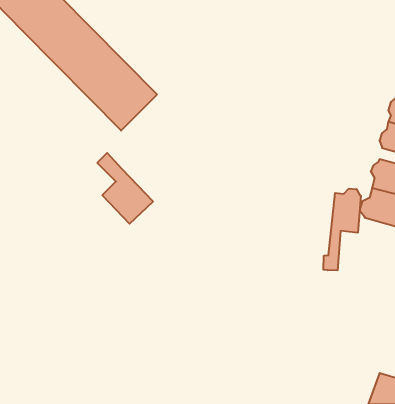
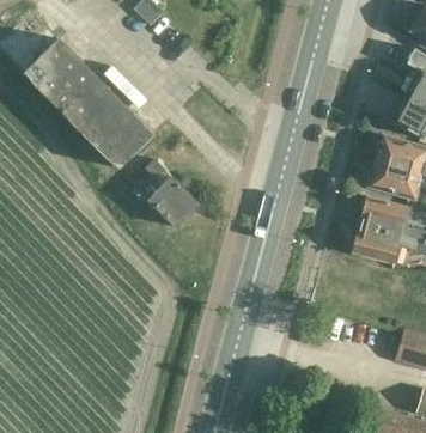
building: [97,153,153,224] -> [146,159,200,227]
building: [323,189,361,270] -> none

